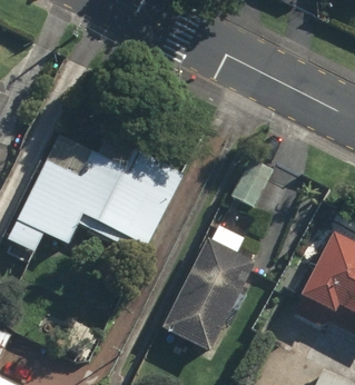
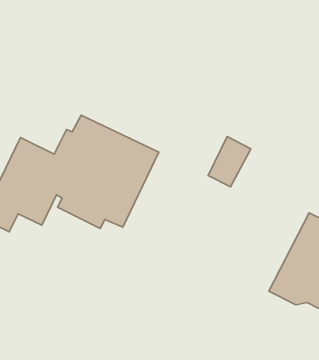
building: [162,236,257,352] -> none

